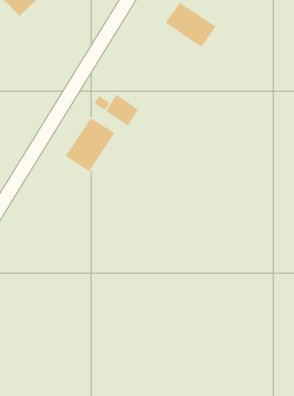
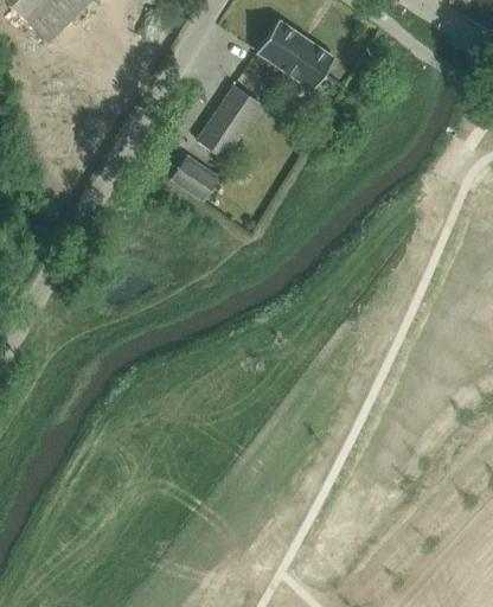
building: none -> [198,84,263,158]
building: [65,117,115,172] -> none

